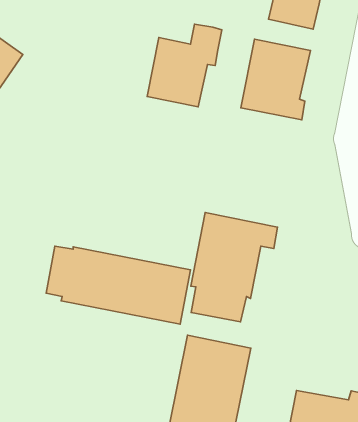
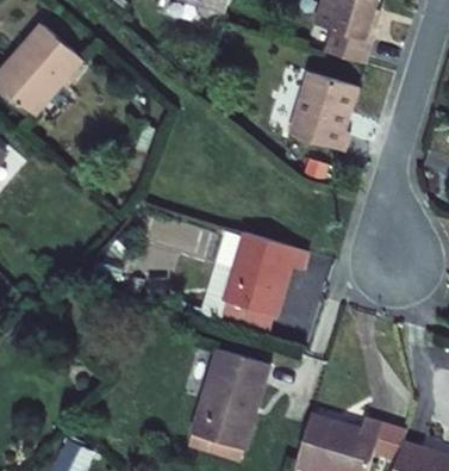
building: [147,24,222,107] -> none
building: [46,246,191,324] -> none

